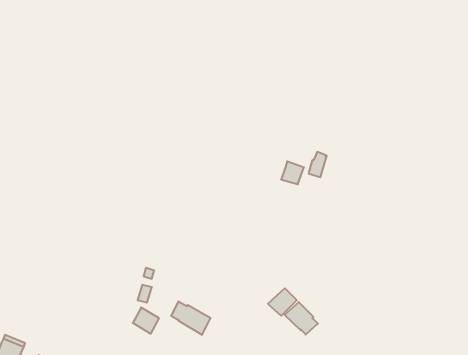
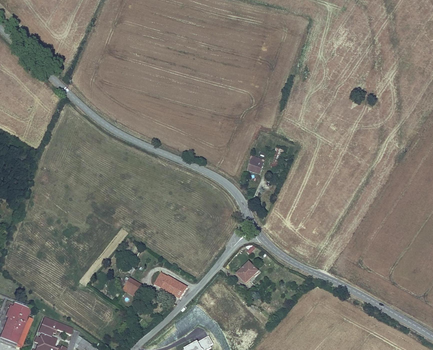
building: [285,302,318,335] -> none

